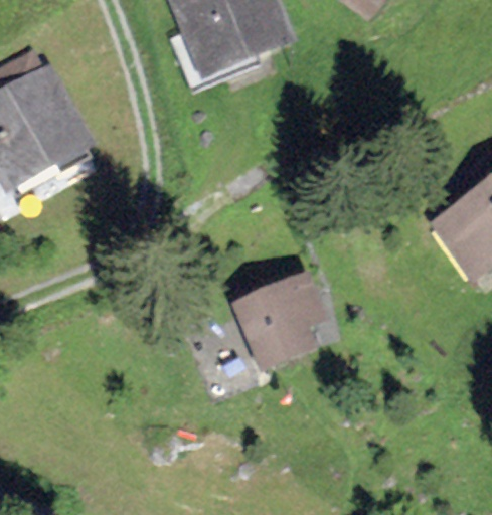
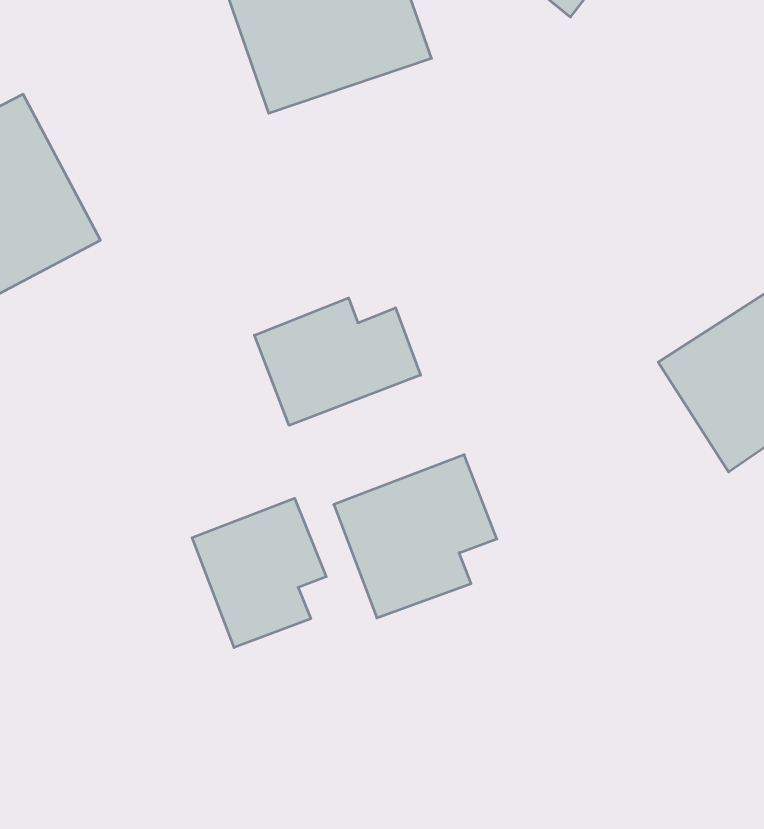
building: none -> [254,298,421,425]
building: none -> [192,498,326,648]

